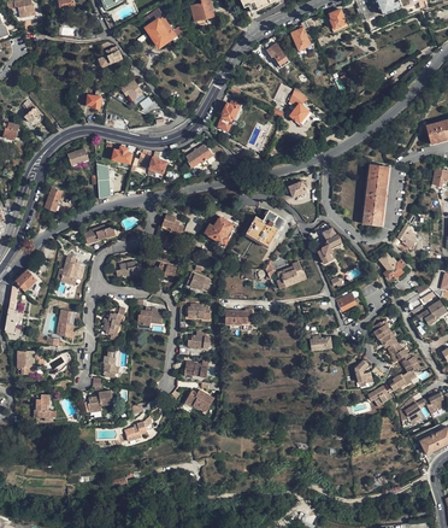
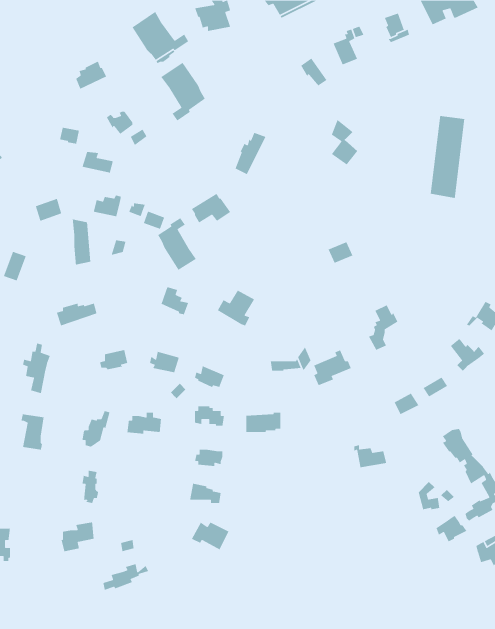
building: none -> [160,62,206,121]
building: none -> [157,217,197,271]
building: [361,164,388,227] -> [430,115,465,199]
building: [244,210,283,248] -> none

